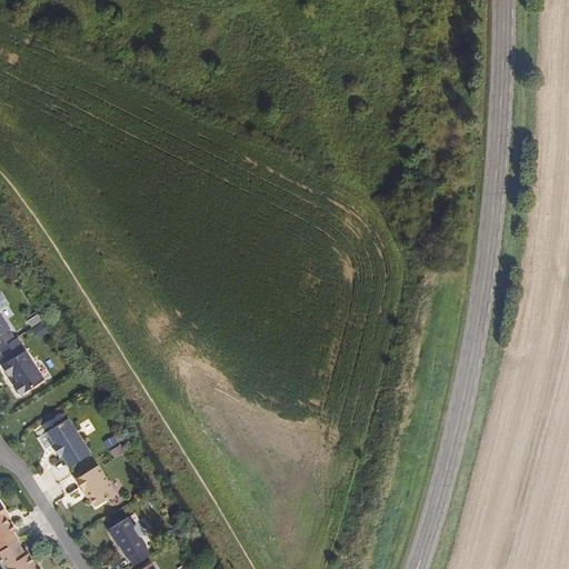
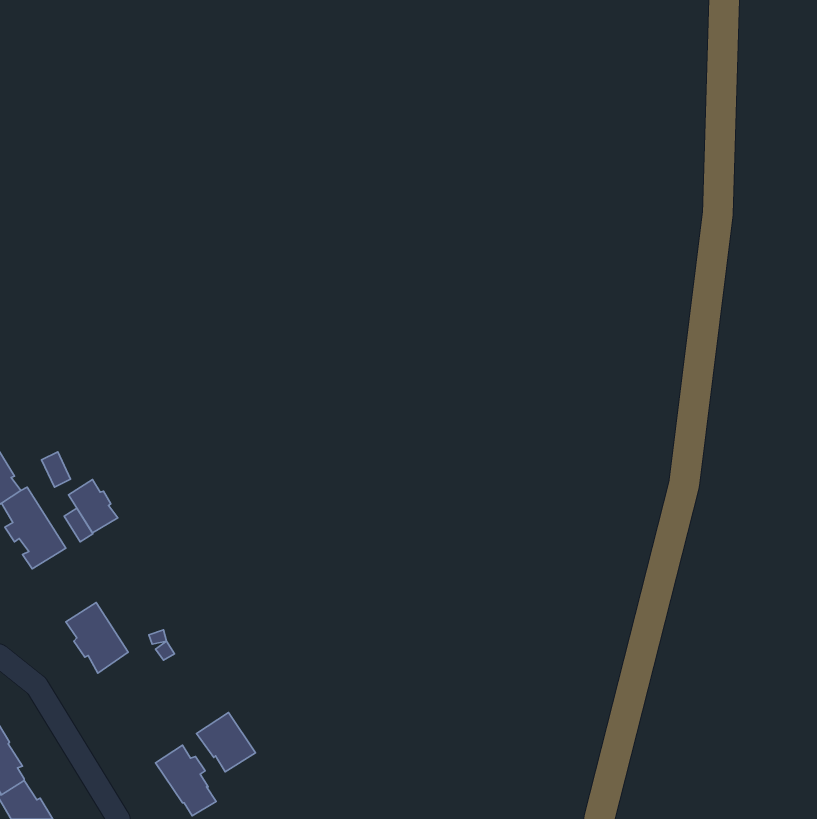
building: none -> [69,479,118,533]
building: [74,466,116,507] -> [196,713,256,772]

